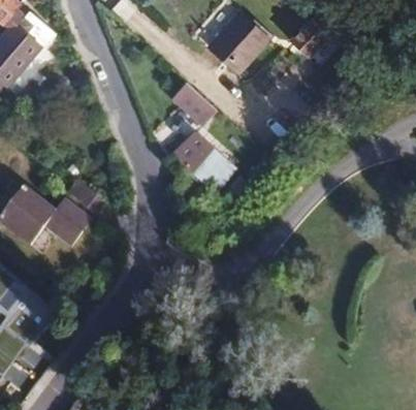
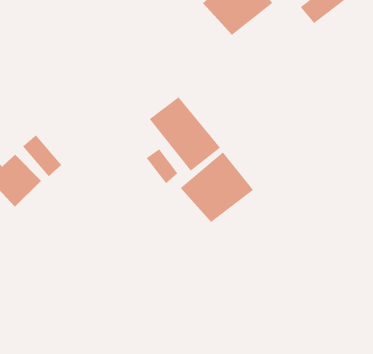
building: [173,85,221,130] -> none
building: none -> [180,151,254,223]

